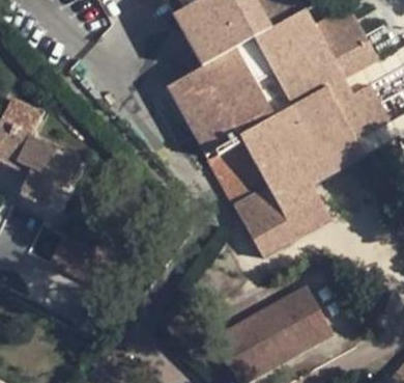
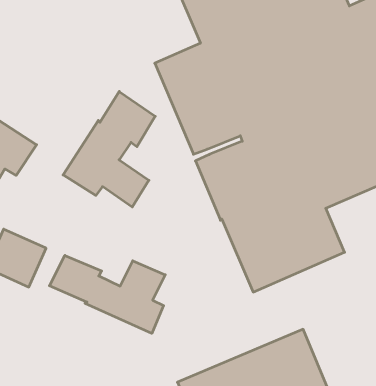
building: none -> [63,91,155,207]
building: none -> [49,255,165,333]

